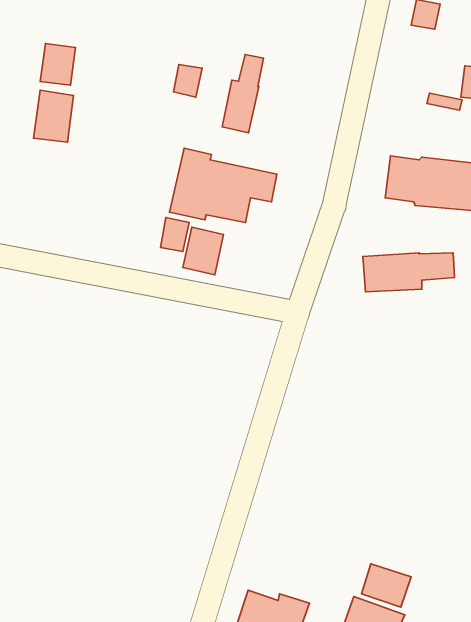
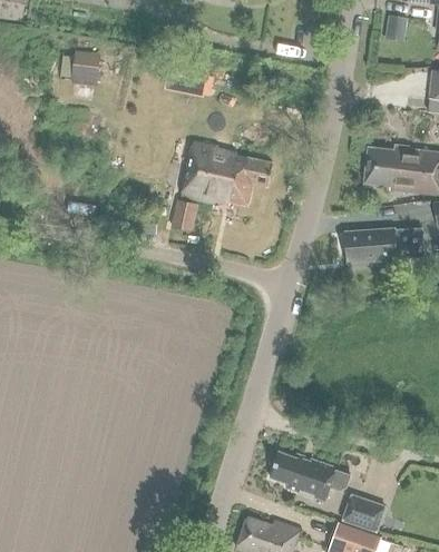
building: [222,54,264,133] -> none
building: [34,90,74,142] -> none
building: [183,227,224,275] -> none
building: none -> [270,453,351,502]

